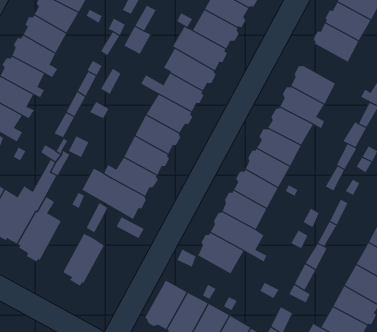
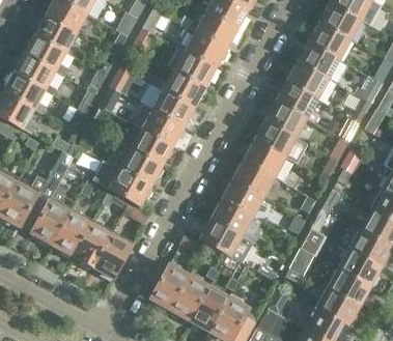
building: none -> [298,42,341,80]
building: none -> [53,208,93,258]
building: none -> [93,231,134,280]

